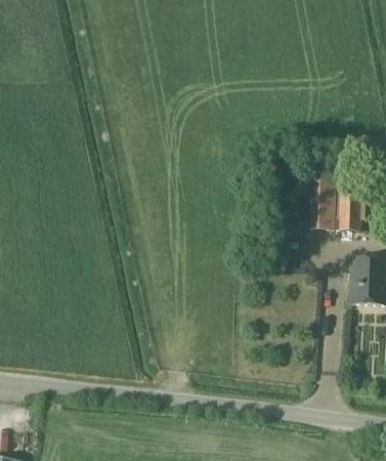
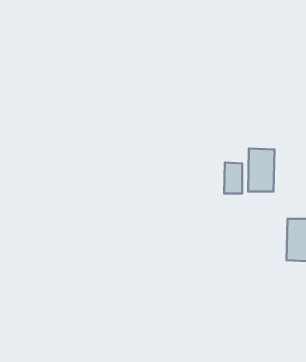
building: [341,194,361,228] -> [224,163,242,194]

